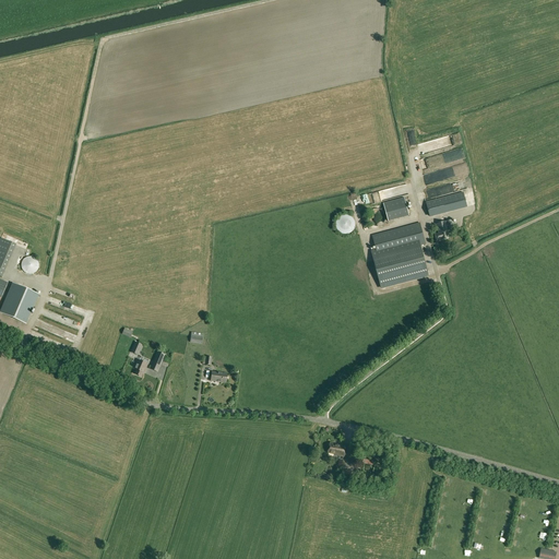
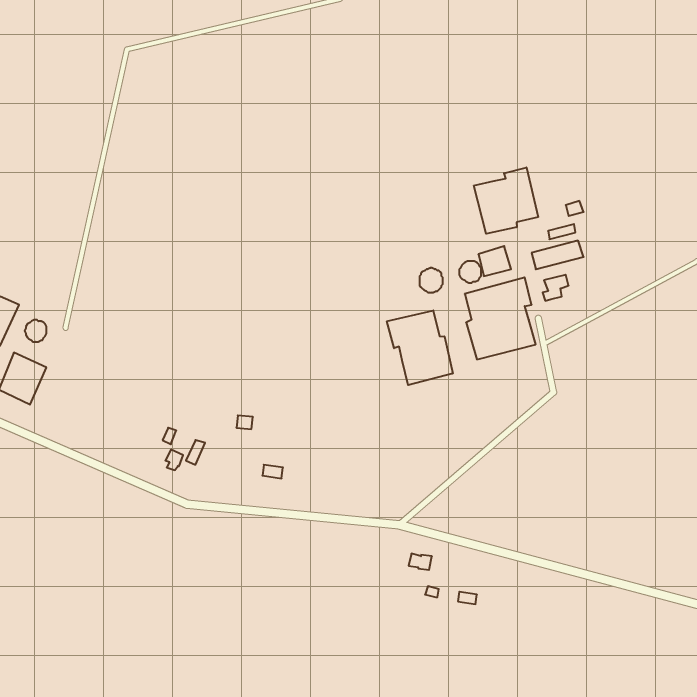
building: none -> [474,167,538,234]
building: none -> [387,310,453,385]

